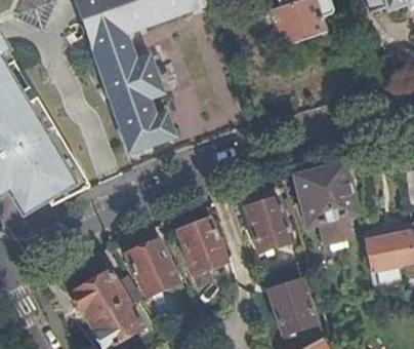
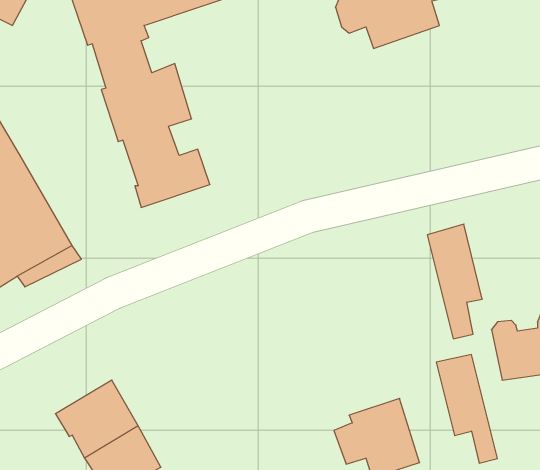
building: [296,170,337,243] -> [436,355,497,463]
building: [246,198,291,251] -> none
building: [178,222,223,294] -> none
building: [129,240,176,296] -> none

